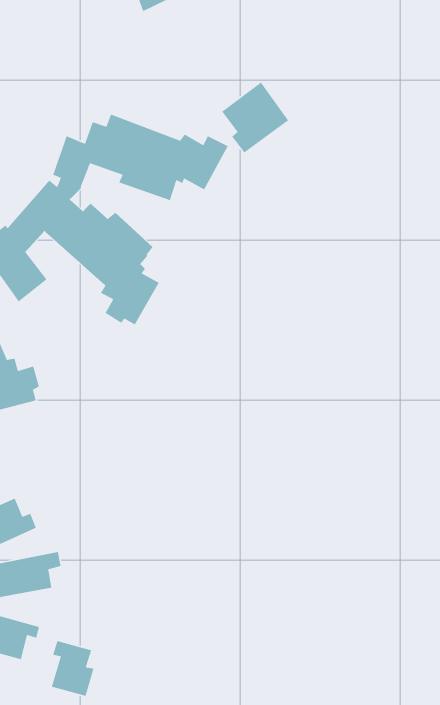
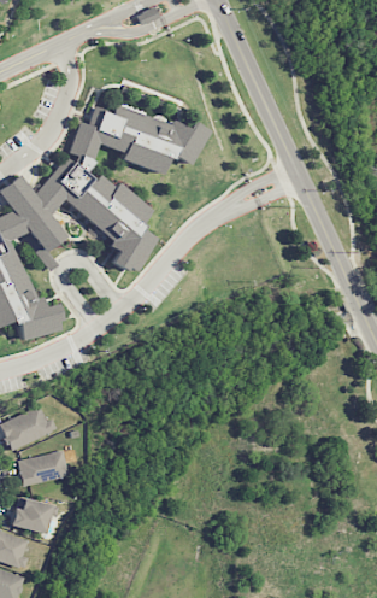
building: [221,82,289,153] -> none
building: [51,640,94,697] -> none

